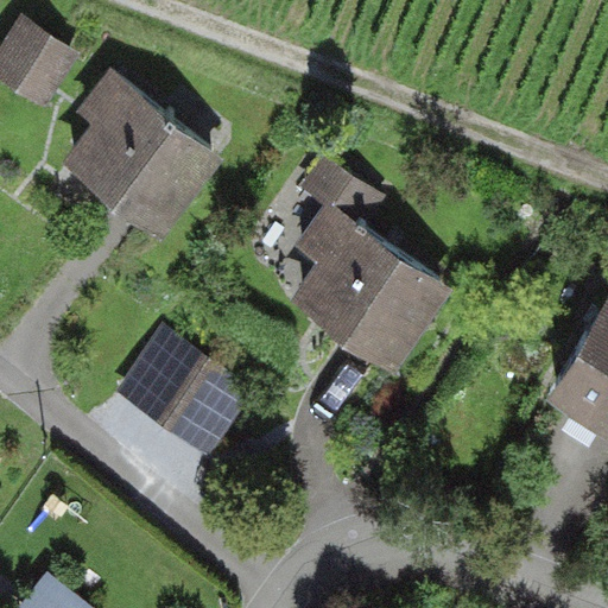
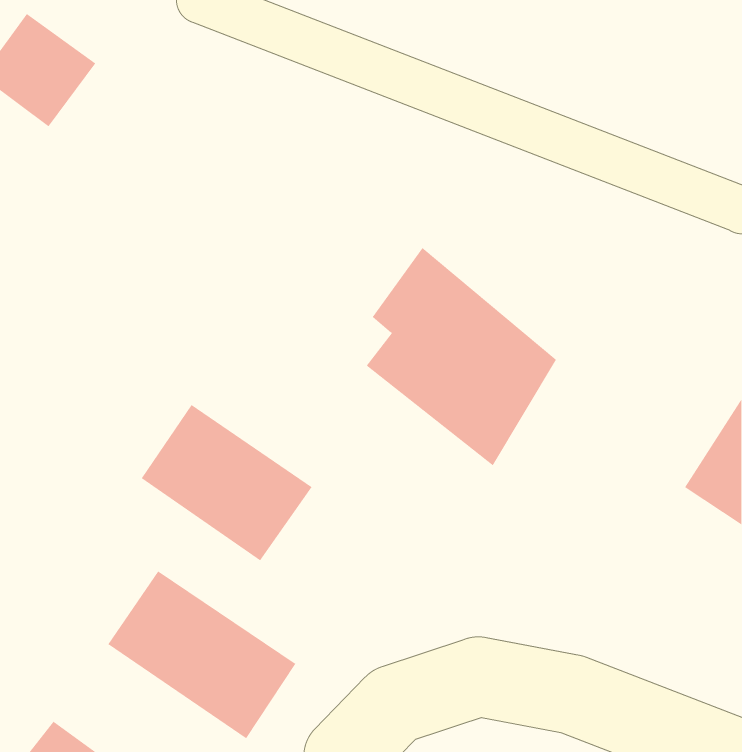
building: [63,70,205,227] -> none
building: none -> [107,570,296,739]

